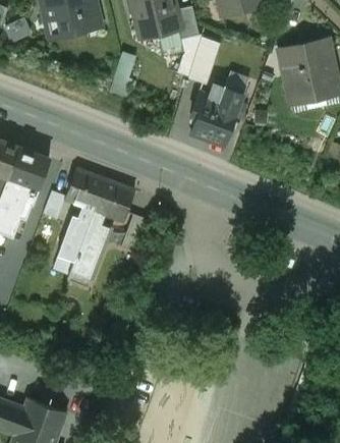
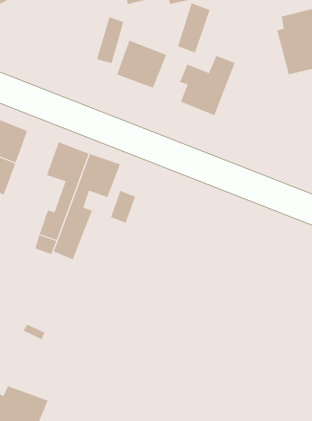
building: none -> [116,40,167,89]

